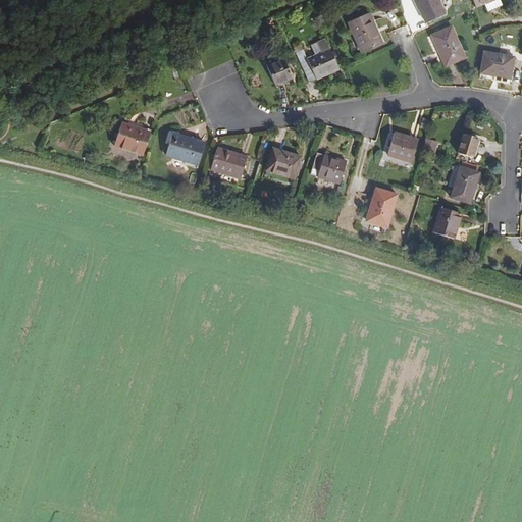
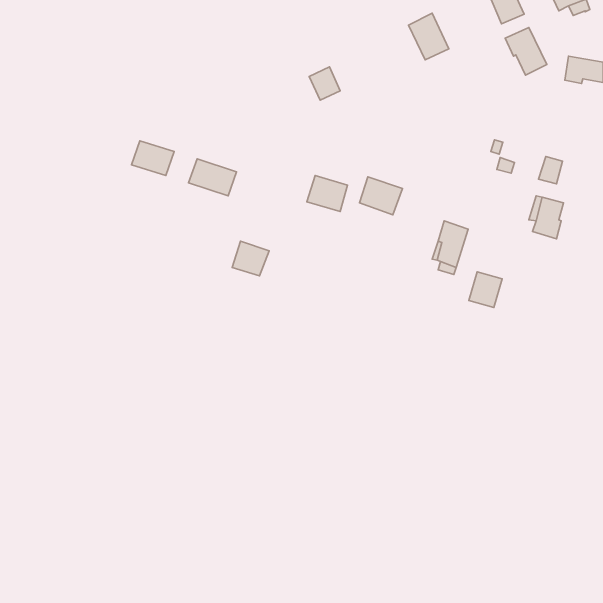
building: [294,39,342,82] -> none
building: [384,140,417,168] -> none
building: [207,146,239,175] -> [232,241,269,276]
building: [434,207,463,238] -> [469,272,502,308]

